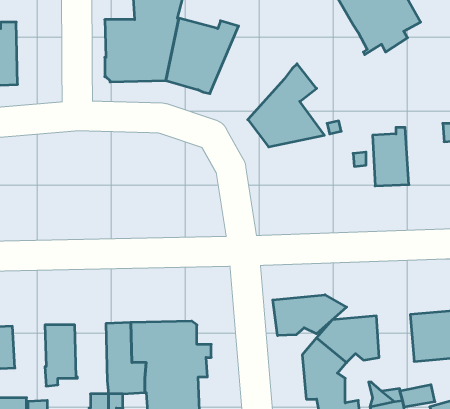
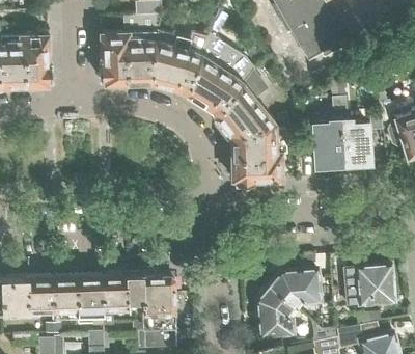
building: none -> [184,33,249,114]
building: none -> [29,35,50,85]
building: none -> [339,119,369,165]
building: none -> [230,126,281,184]
building: [273,295,347,336] -> none
building: none -> [76,276,102,323]
building: none -> [26,277,53,311]

